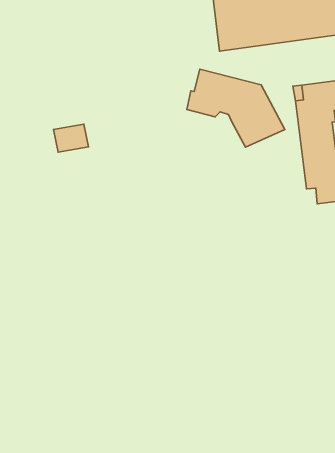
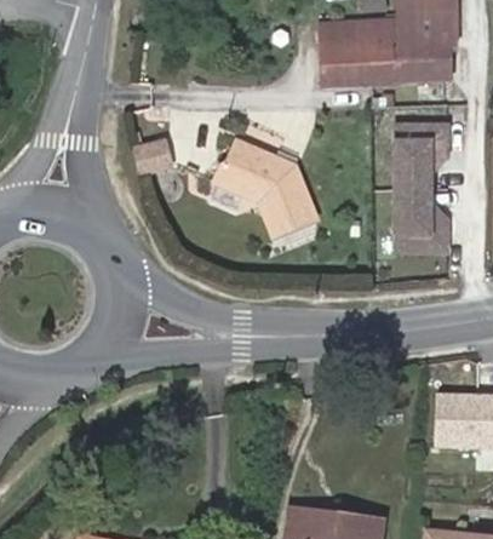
building: [187,69,285,147] -> [218,147,320,234]

